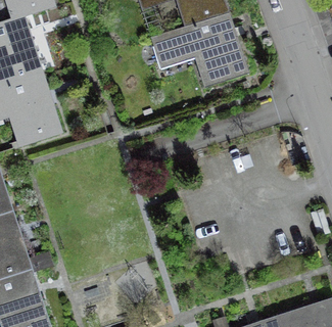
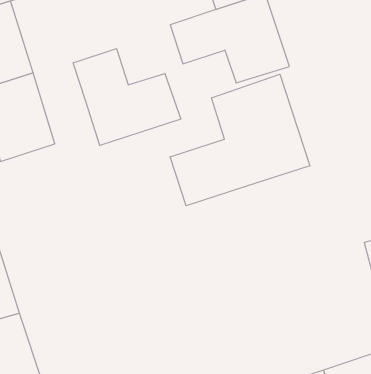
building: none -> [73,49,181,146]
building: none -> [170,74,310,206]

